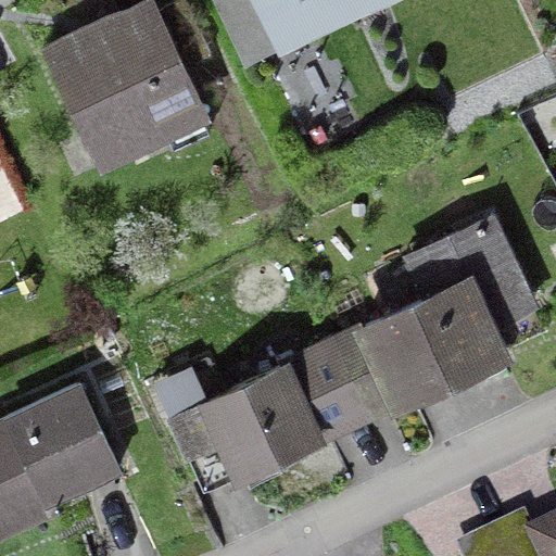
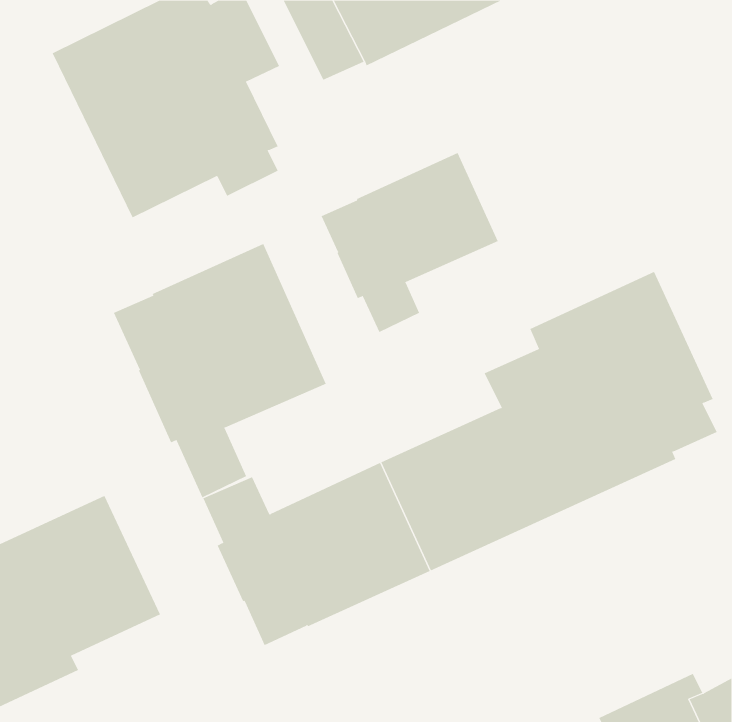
building: none -> [321,152,498,333]
building: none -> [113,243,327,498]

